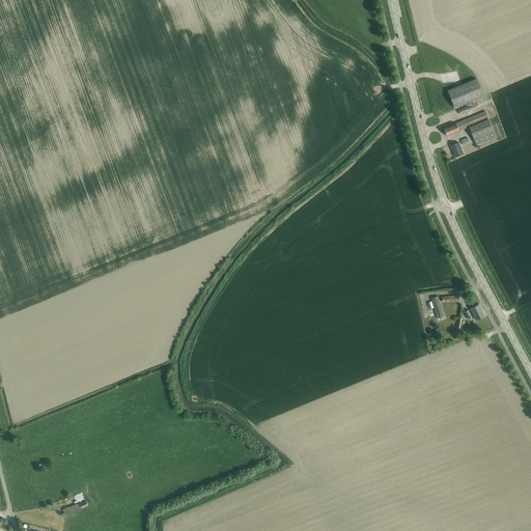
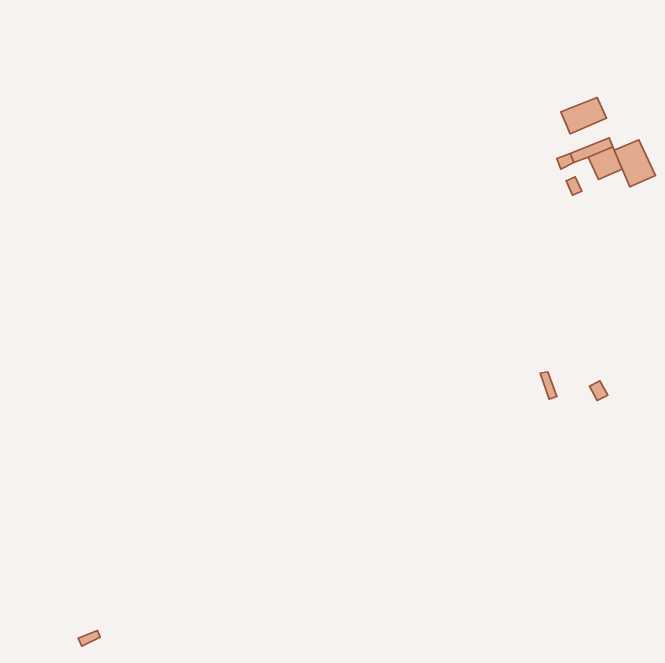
building: none -> [614,140,656,187]

